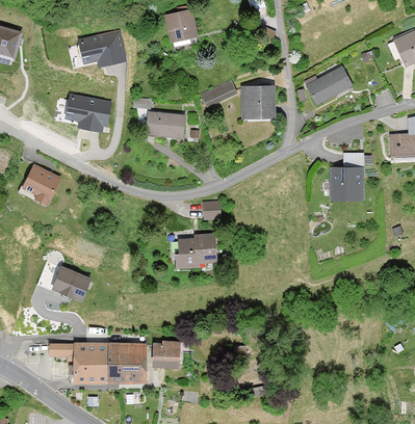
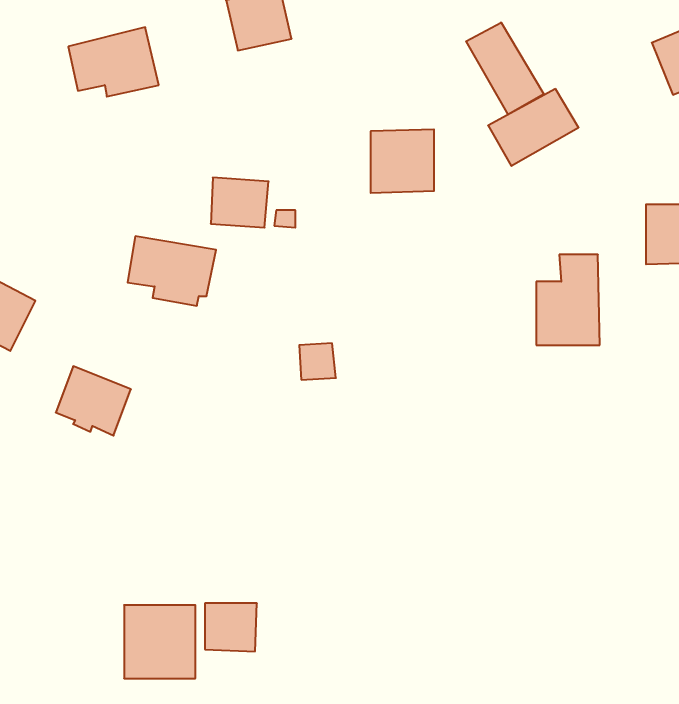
building: none -> [466,22,544,115]
building: [200,80,237,108] -> none
building: [64,95,112,132] -> [128,236,216,306]
building: [174,233,215,269] -> none
building: [51,264,92,301] -> [56,366,131,436]
building: [49,342,108,381] -> none

